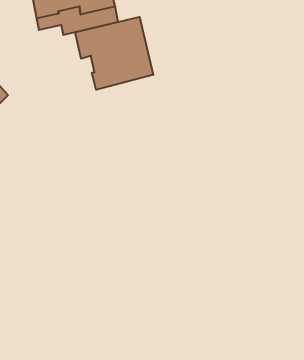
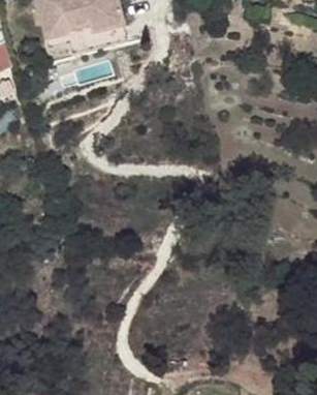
building: [75,17,153,90] -> none

